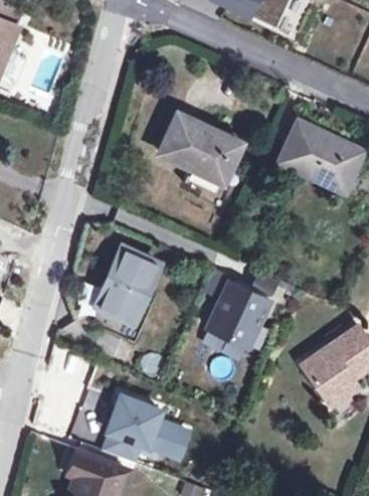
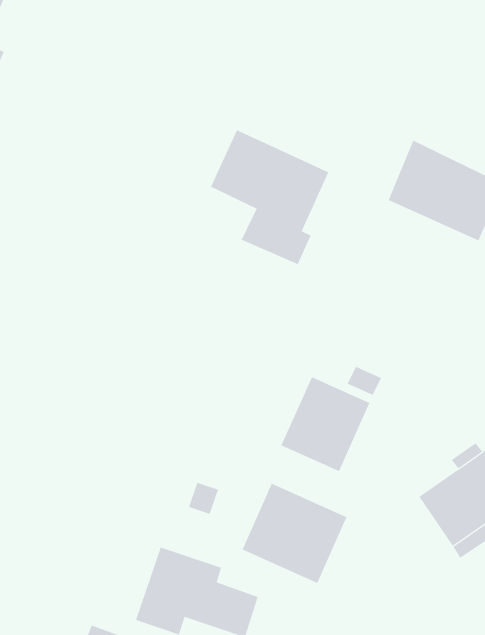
building: [96,246,158,321] -> none
building: none -> [242,483,347,584]

